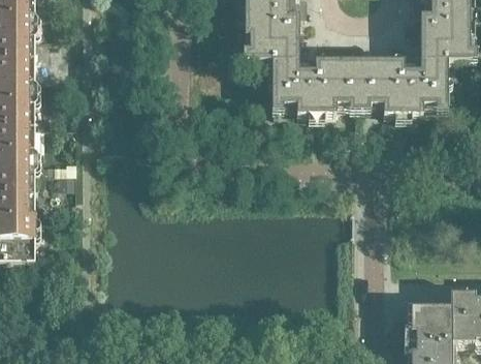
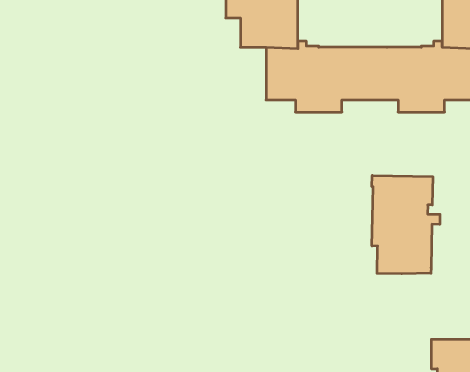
building: none -> [372,175,440,274]

